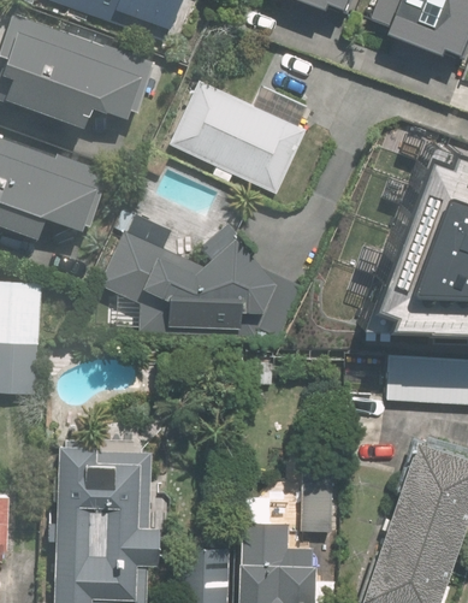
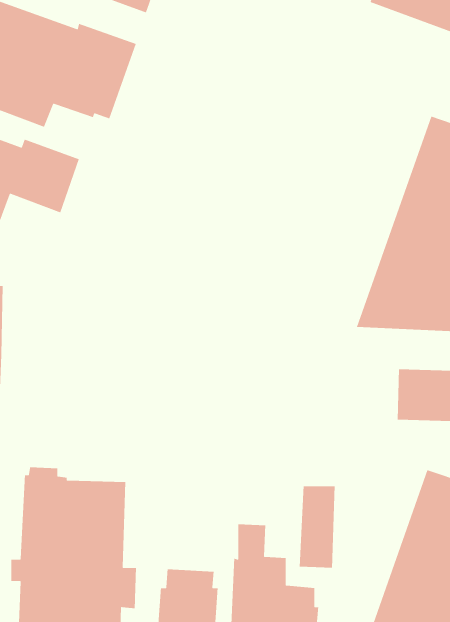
building: [168,81,304,195] -> none
building: [93,214,298,344] -> none

